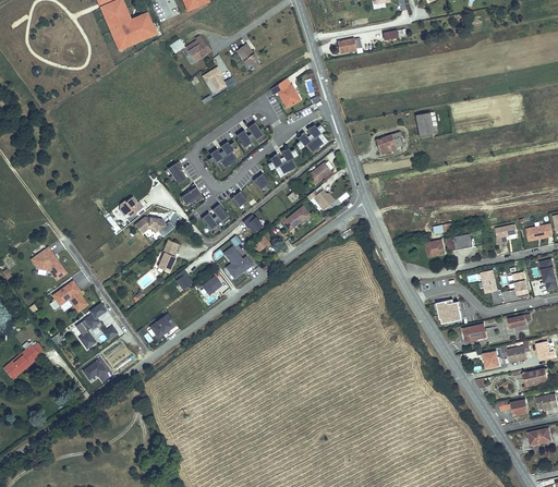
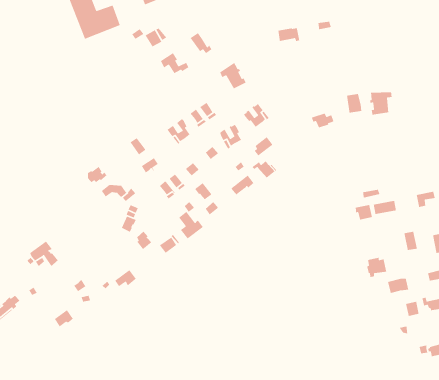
building: none -> [369,91,393,115]
building: [37,246,66,279] -> none
building: [75,301,108,349] -> none

